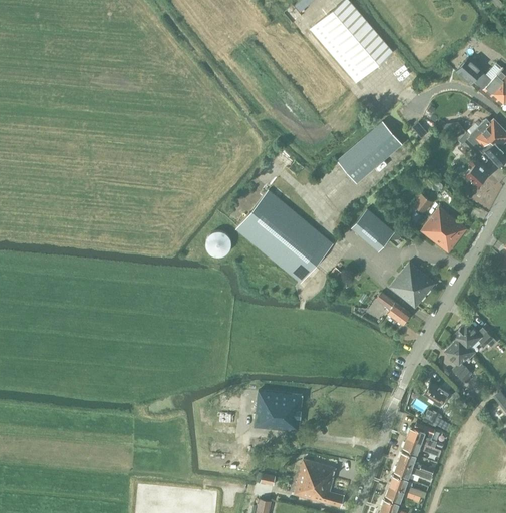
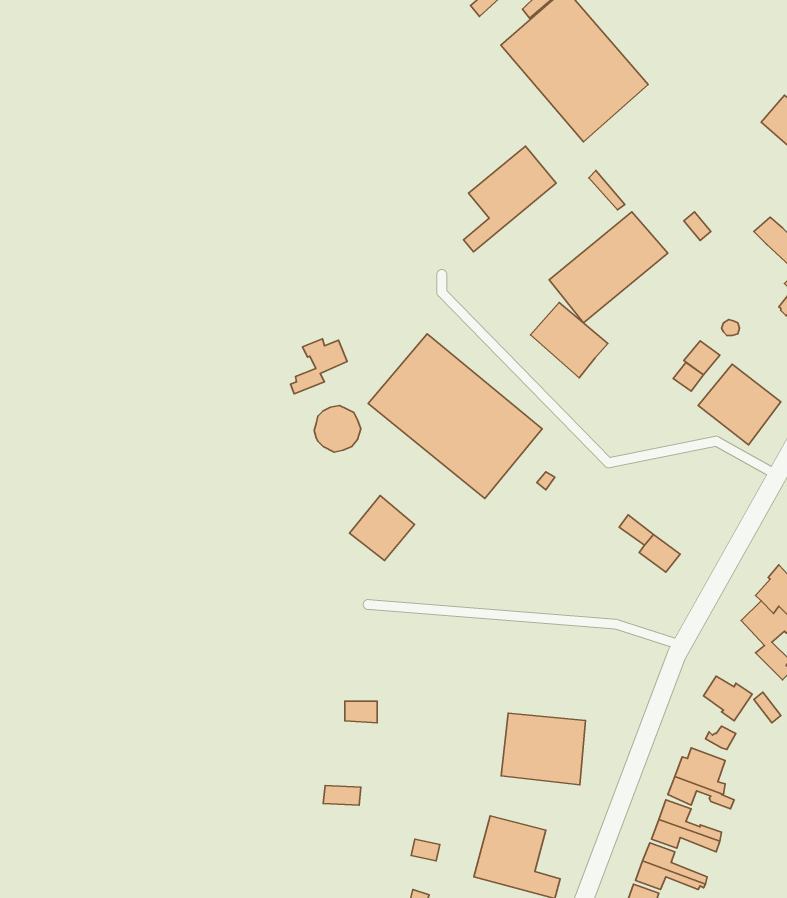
building: none -> [464,146,556,252]
building: none -> [290,339,347,394]
building: [351,209,394,251] -> [531,302,608,378]
building: [389,262,435,308] -> none
building: none -> [349,495,414,561]
building: [255,391,302,431] -> [501,713,585,785]

